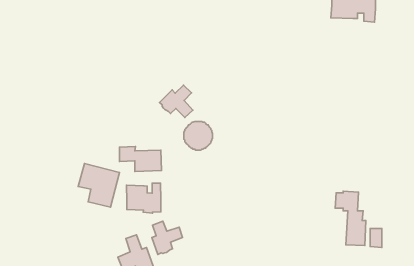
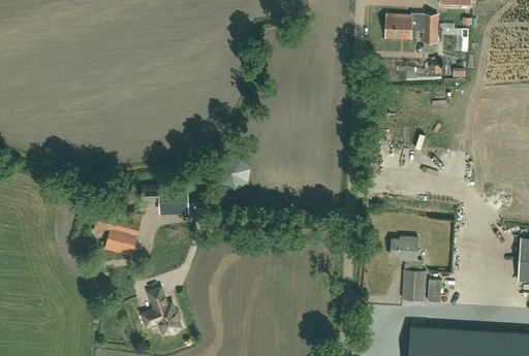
building: [159,85,193,118] -> none
building: [126,183,161,213] -> none
building: [152,221,183,254] -> none

